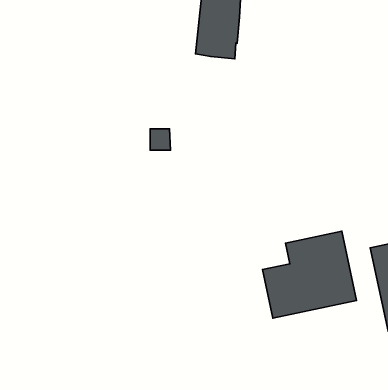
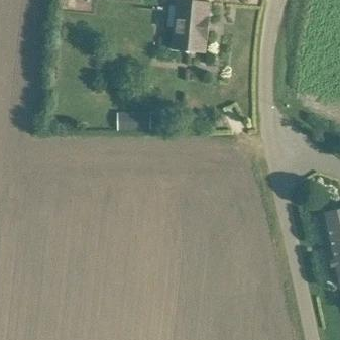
building: [262,231,356,318] -> none

